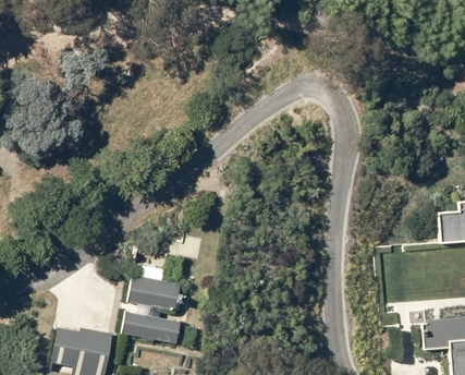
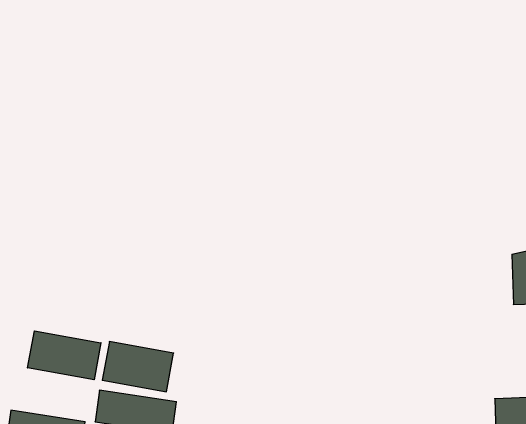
building: none -> [28,331,101,380]

